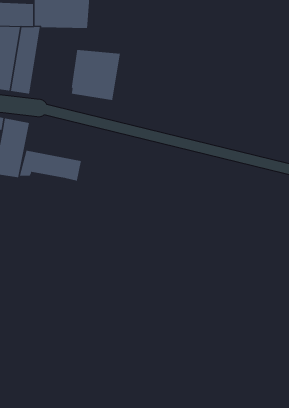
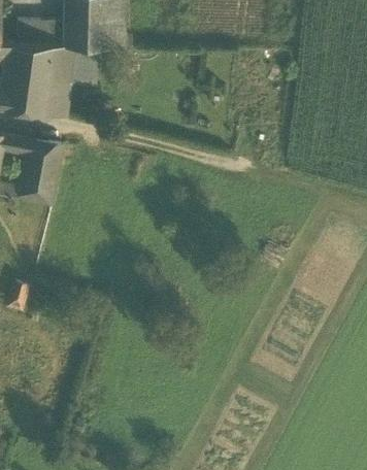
building: [71,49,120,101] -> none
building: [19,150,81,181] -> none

